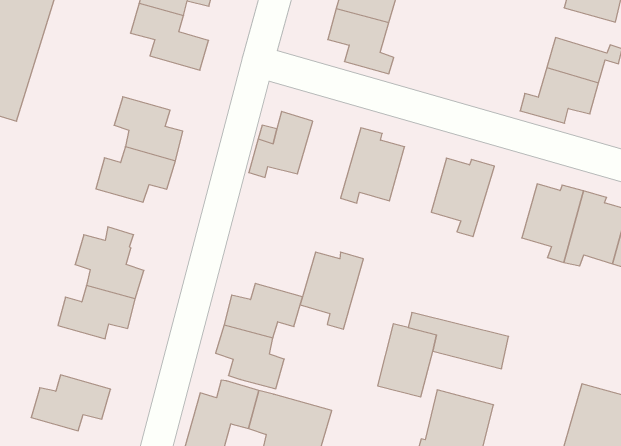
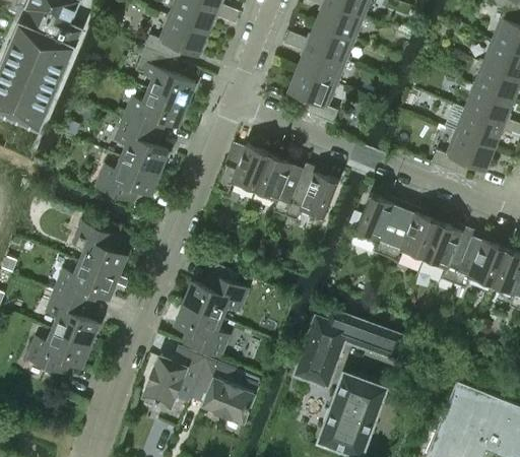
building: none -> [464,87,512,126]
building: none -> [116,90,186,134]
building: none -> [384,204,438,262]
building: [300,252,363,329] -> [253,154,306,216]
building: none -> [46,291,99,345]

